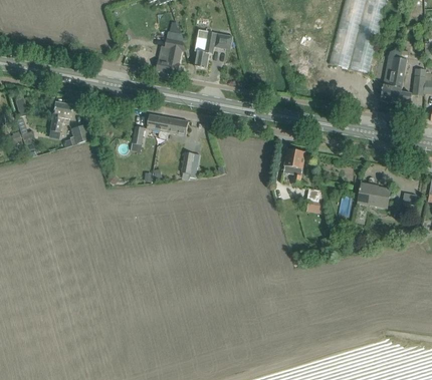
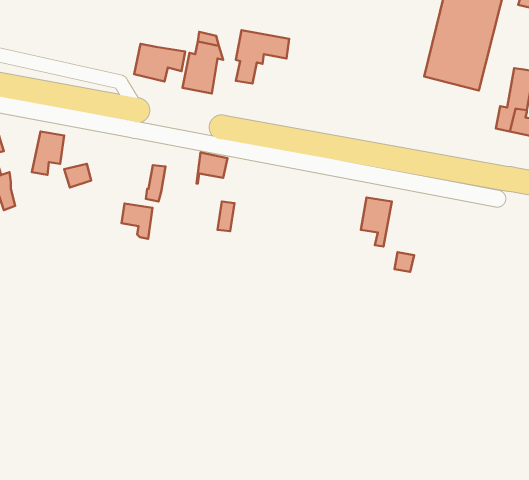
building: none -> [134,44,185,81]
building: [148,113,170,138] -> [122,204,153,239]
building: [358,182,391,208] -> none

